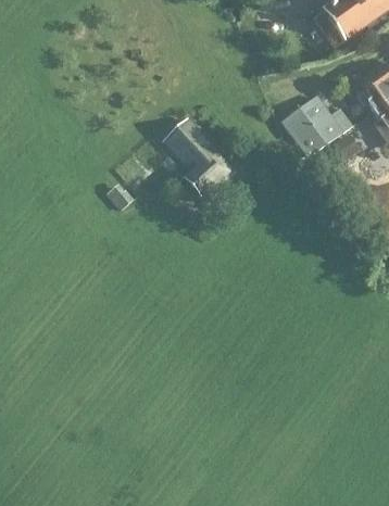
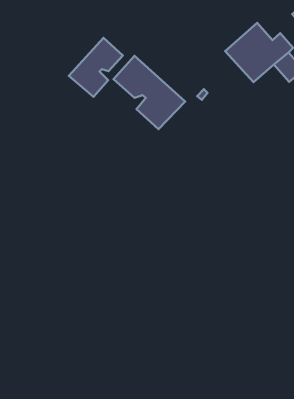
building: none -> [69,38,123,97]

